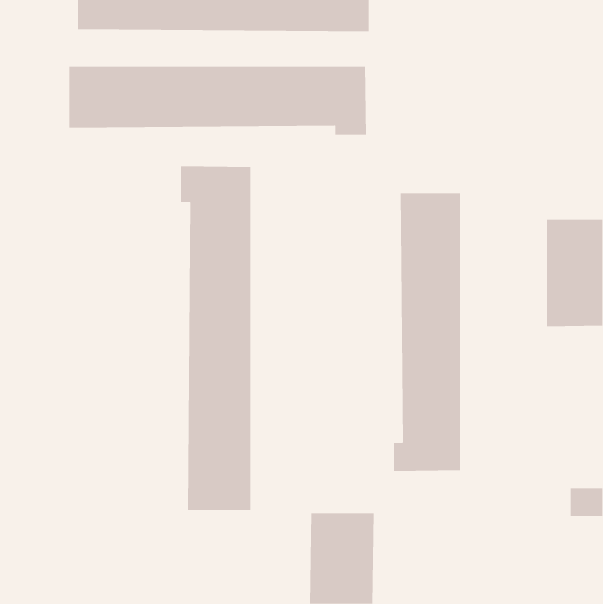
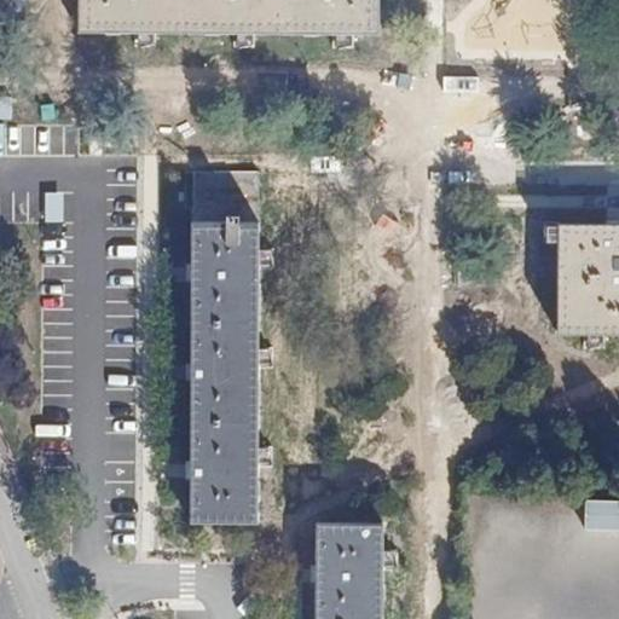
building: [69,66,366,135] -> none
building: [394,192,460,472] -> none

